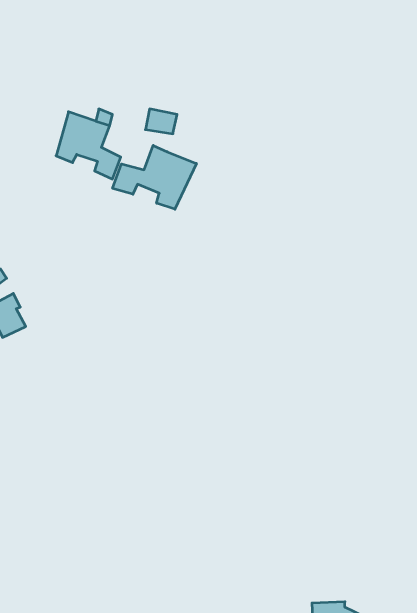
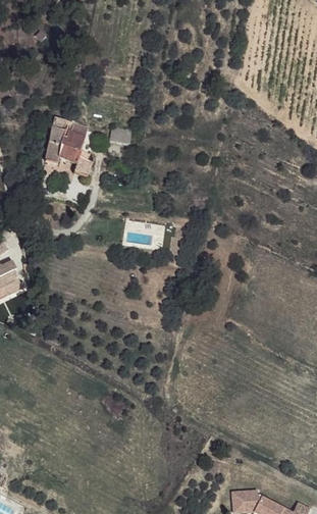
building: [113,145,196,209] -> none

